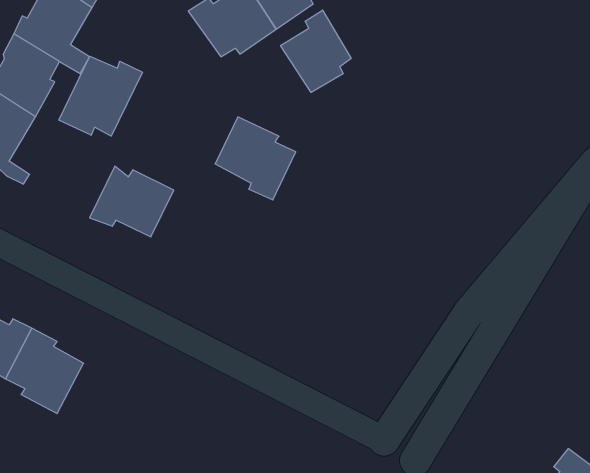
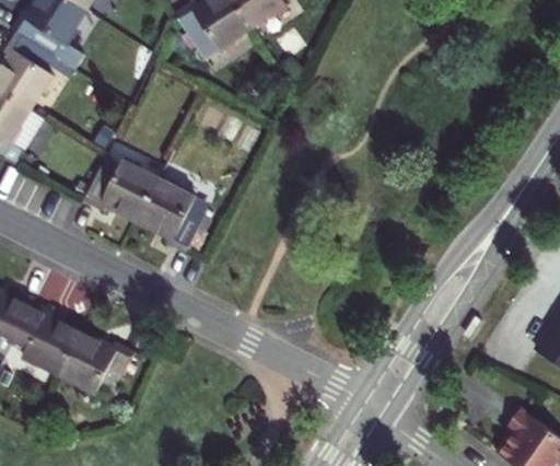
building: [281,10,351,92] -> none
building: [59,56,142,136] -> none
building: [215,117,296,200] -> [140,174,213,249]
building: none -> [55,331,138,399]

